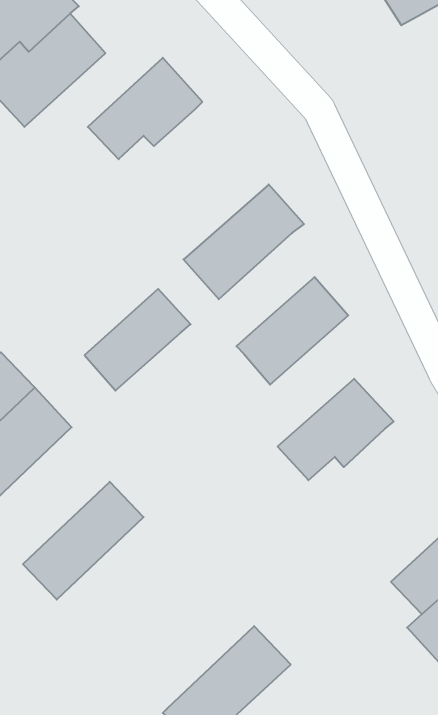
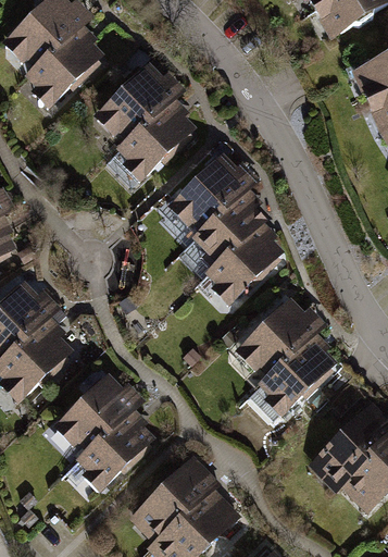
building: none -> [107,98,200,182]
building: [85,289,191,391] -> [191,189,270,264]
building: none -> [247,334,340,418]
building: none -> [67,399,163,493]
building: none -> [128,454,217,541]

